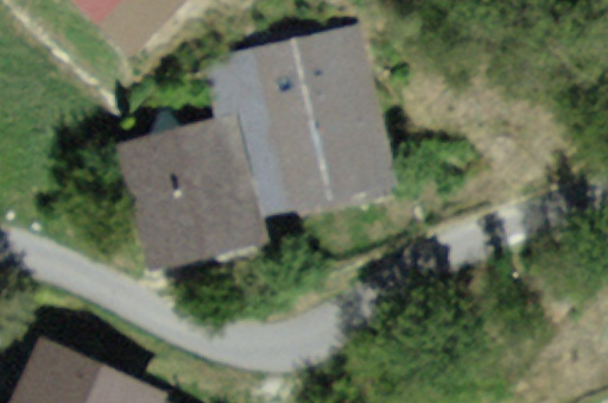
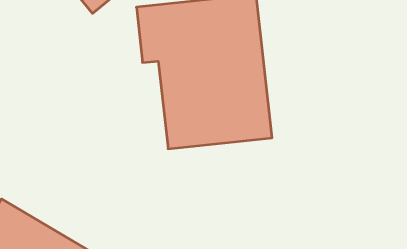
building: [112,122,260,267] -> none

